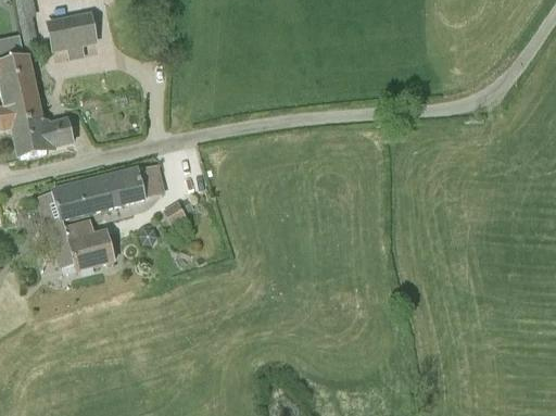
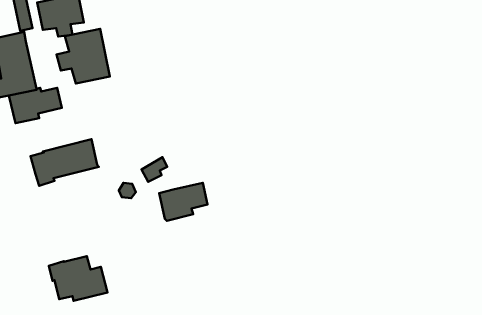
building: none -> [56,29,110,84]
building: [106,164,162,207] -> [159,183,207,221]
building: [47,218,114,269] -> [49,256,108,301]

